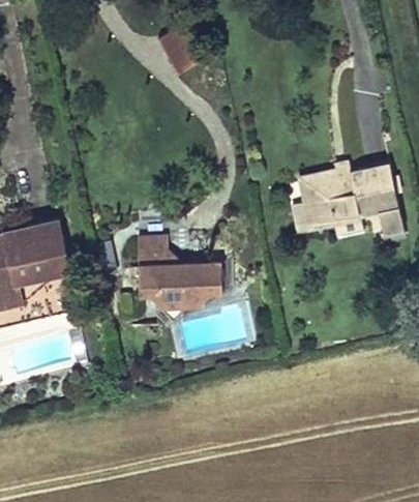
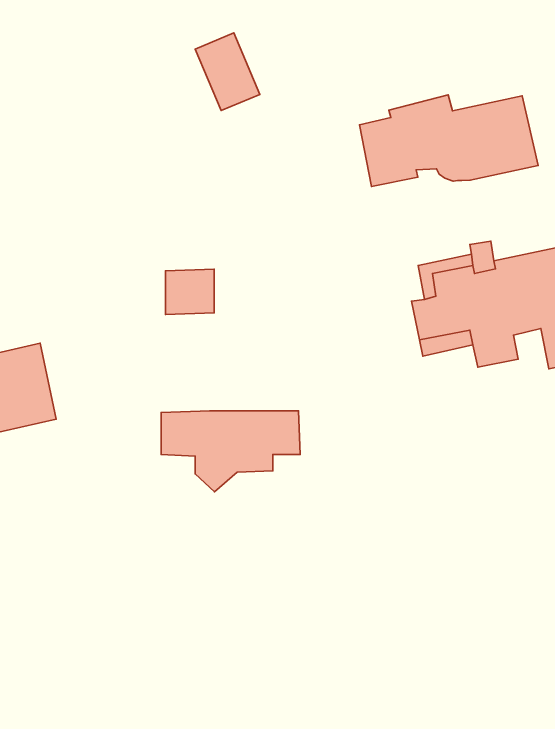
building: none -> [359,95,538,187]
building: [134,238,166,267] -> [166,269,214,315]

